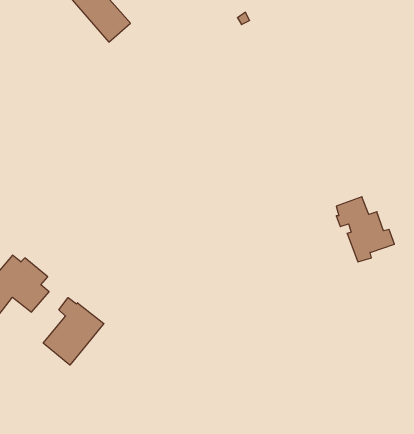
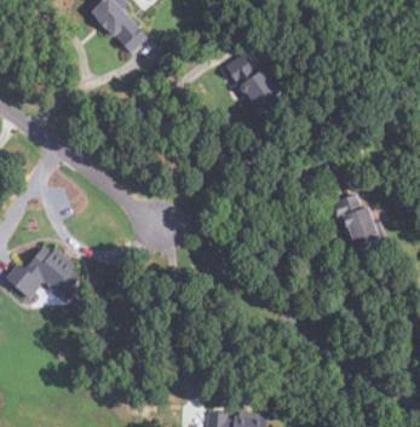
building: none -> [229,62,280,115]
building: [43,298,104,365] -> none

